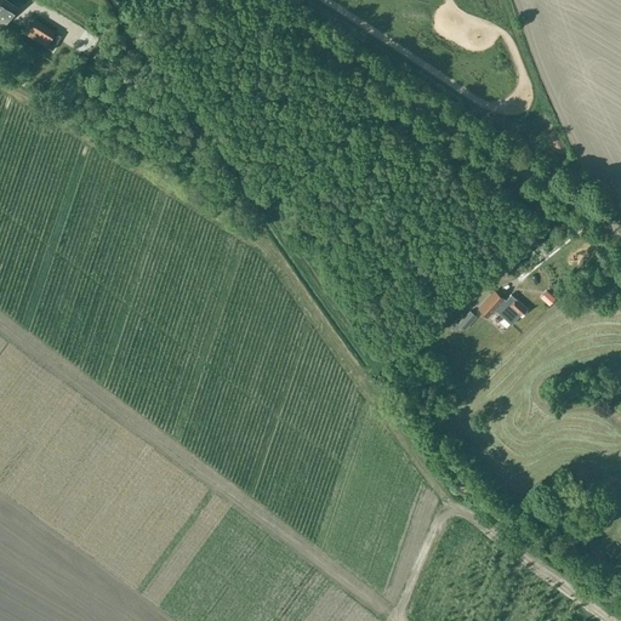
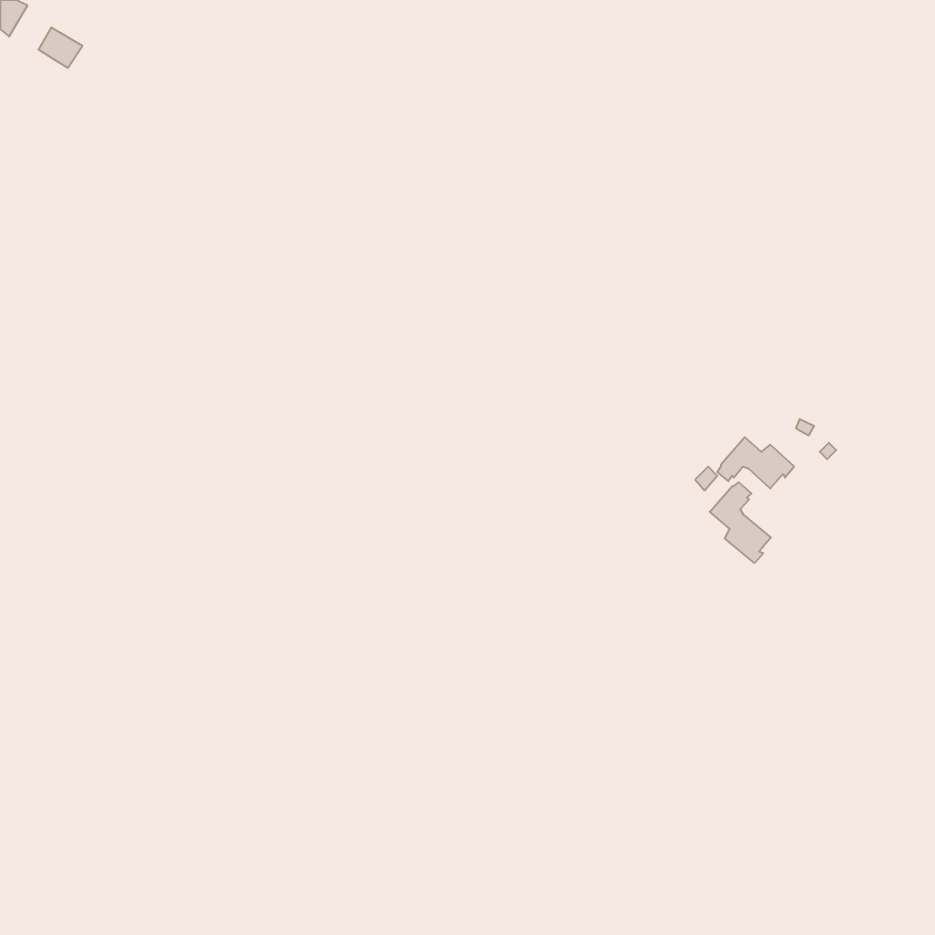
building: none -> [710,482,771,563]

